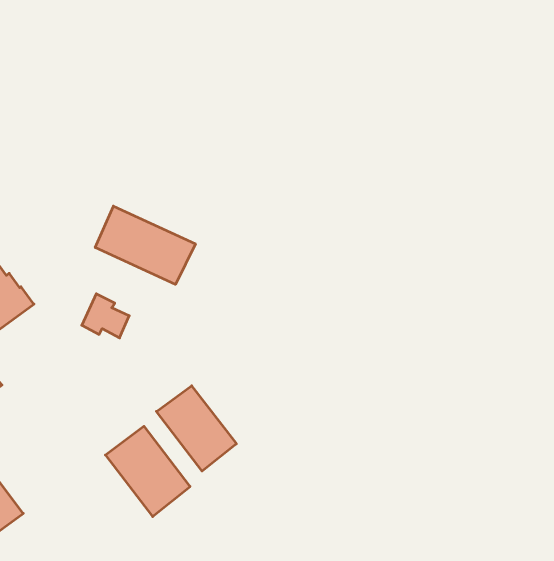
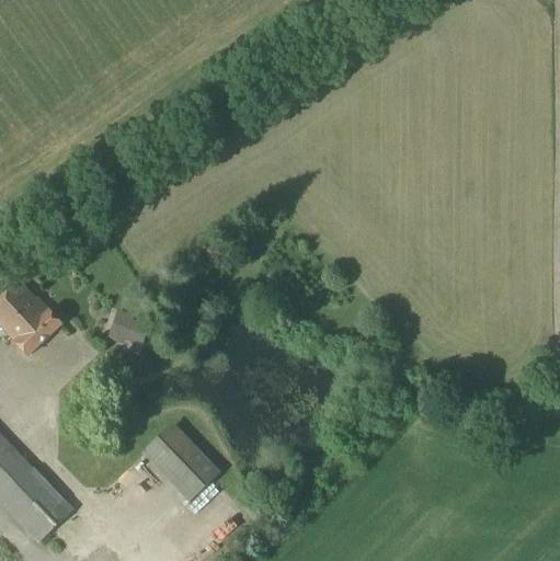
building: [95,206,195,284] -> none
building: [156,386,236,471] -> none

